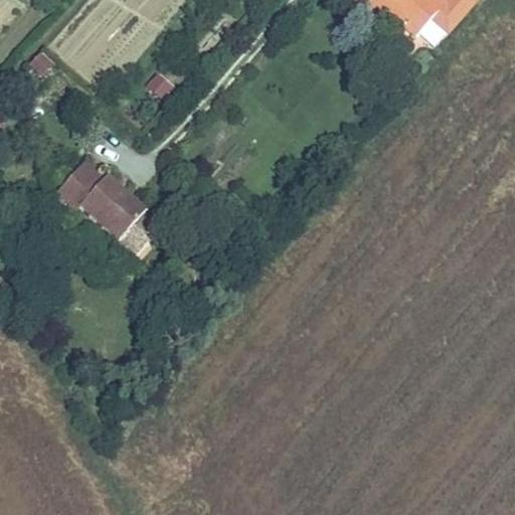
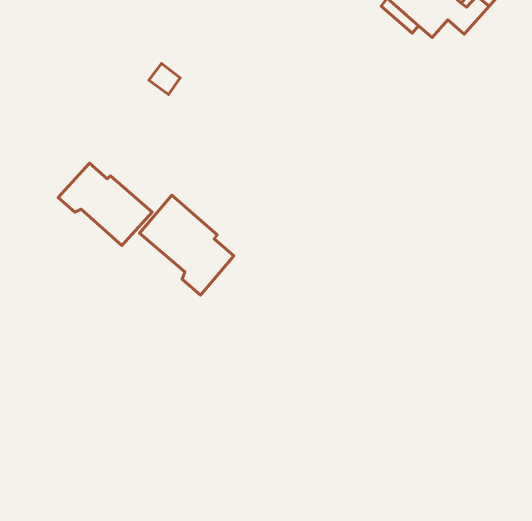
building: none -> [139,195,234,295]

